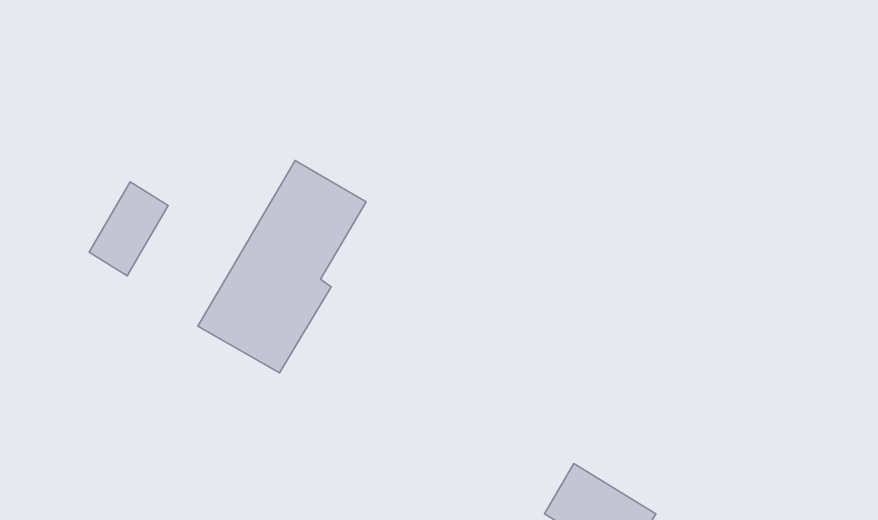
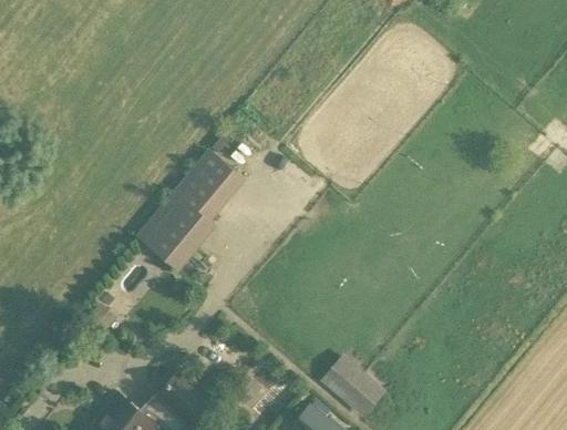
building: [89,182,168,276] -> none

